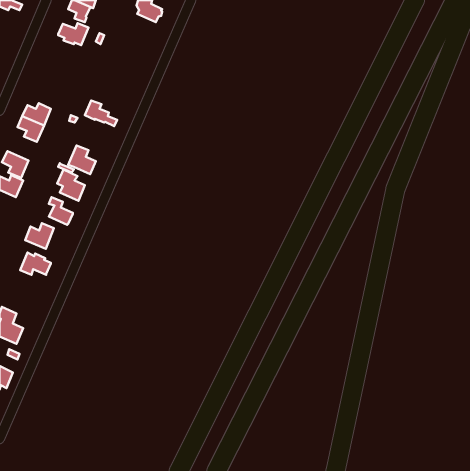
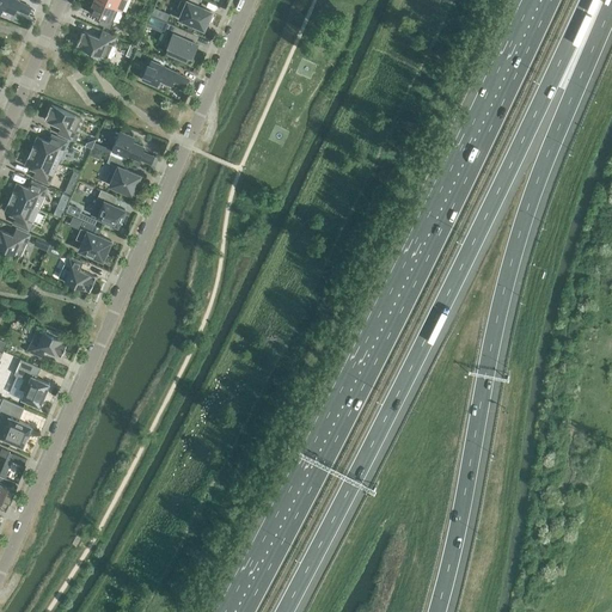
building: none -> [145,14,196,62]
building: none -> [141,59,185,85]
building: none -> [43,104,80,140]
building: none -> [105,154,139,194]
building: none -> [10,179,47,208]
building: [25,223,54,249] -> none
building: none -> [13,359,48,406]

